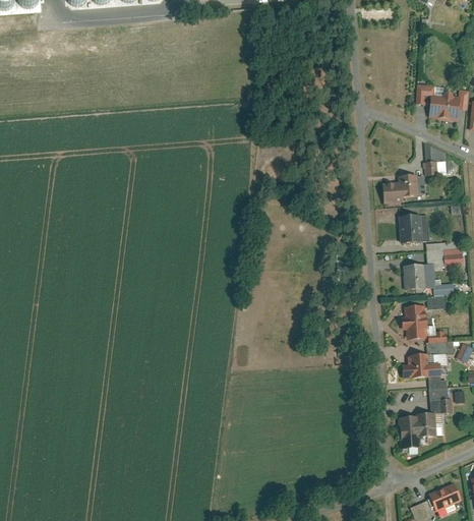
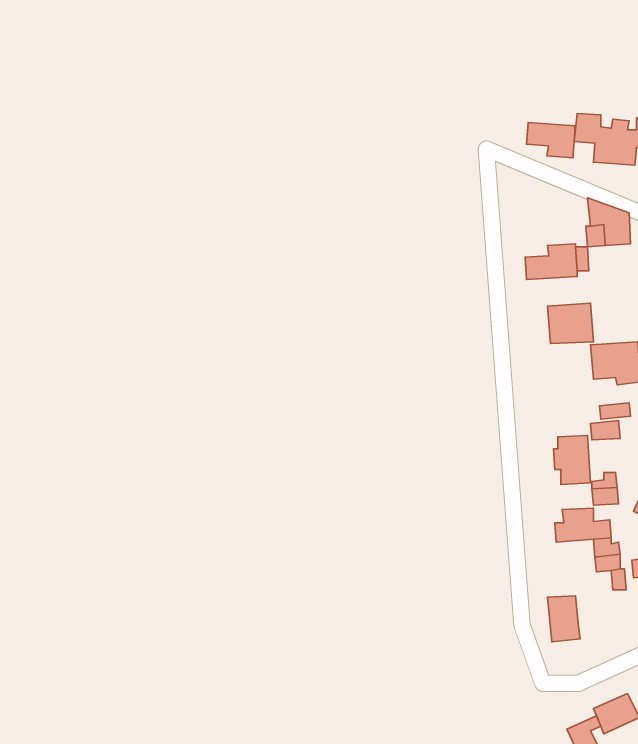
building: none -> [526,123,575,158]
building: [404,264,425,290] -> none
building: [417,411,436,437] -> none

